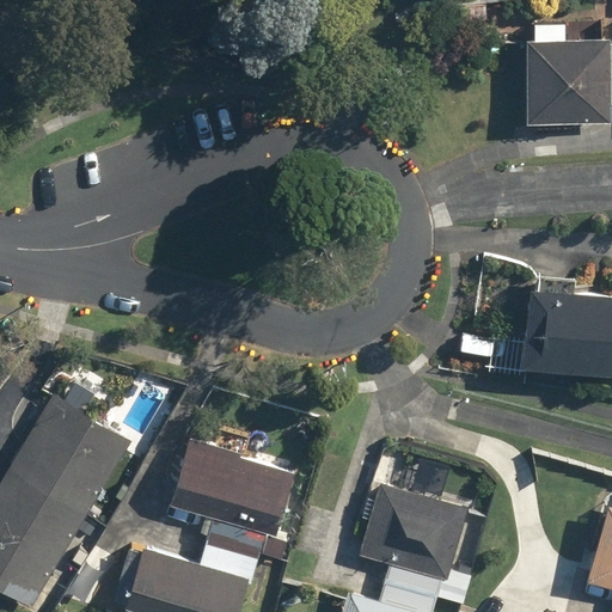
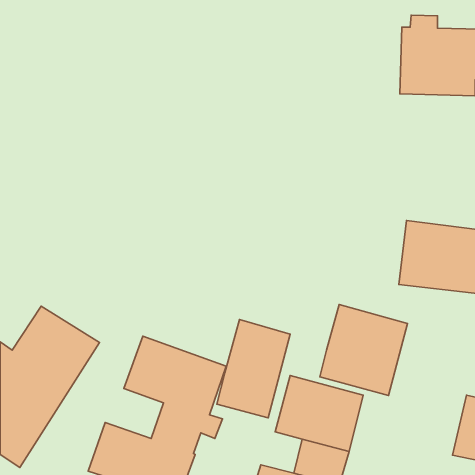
building: none -> [320,304,408,395]
building: none -> [217,320,290,418]

